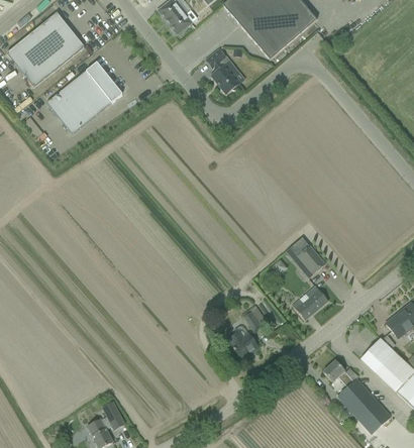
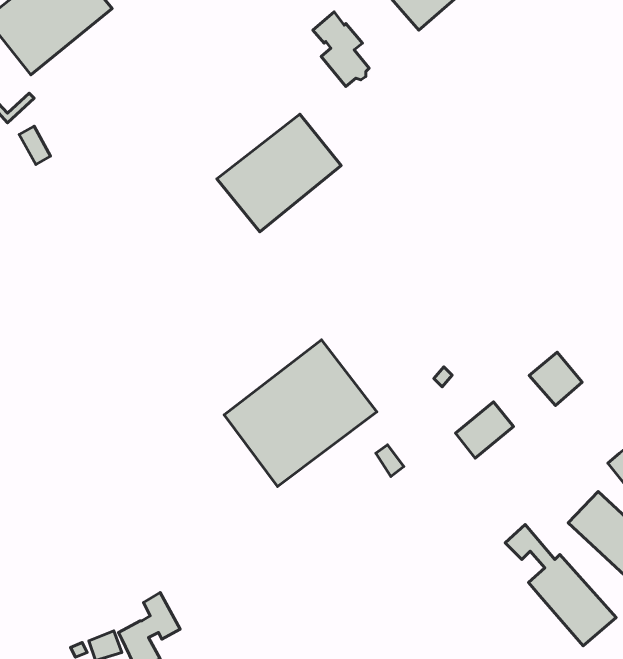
building: [46,62,122,133] -> [217,114,341,232]
building: [293,244,325,276] -> [529,352,582,405]
building: none -> [224,340,377,486]
building: [228,325,258,356] -> none

